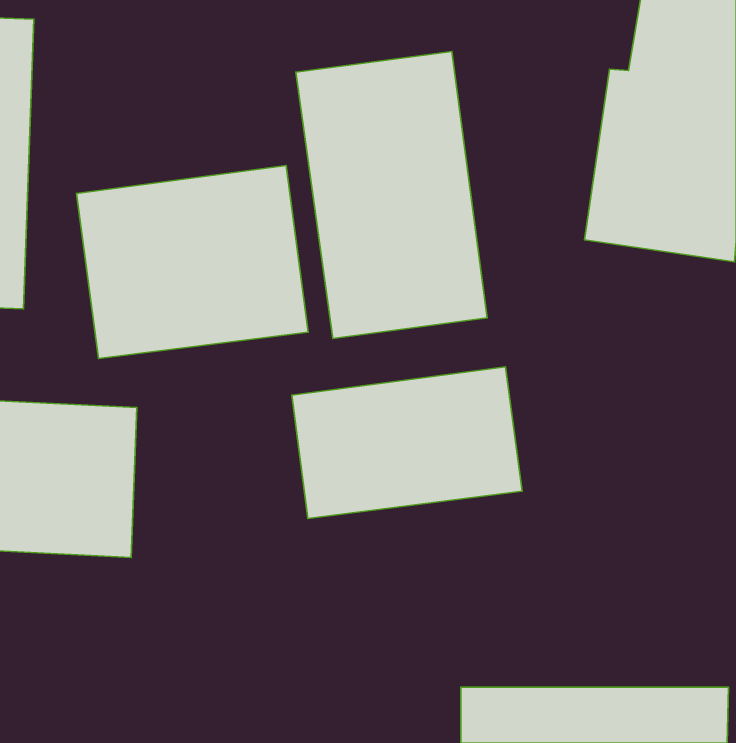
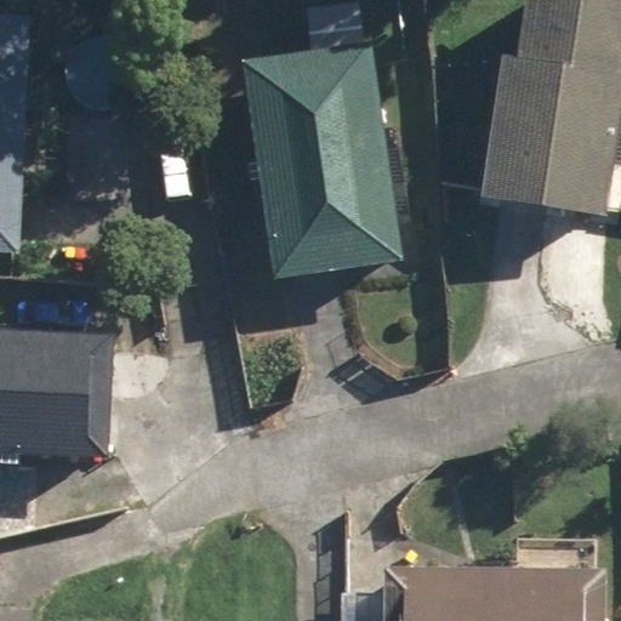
building: [77,166,308,358] -> none
building: [292,367,522,519] -> none

